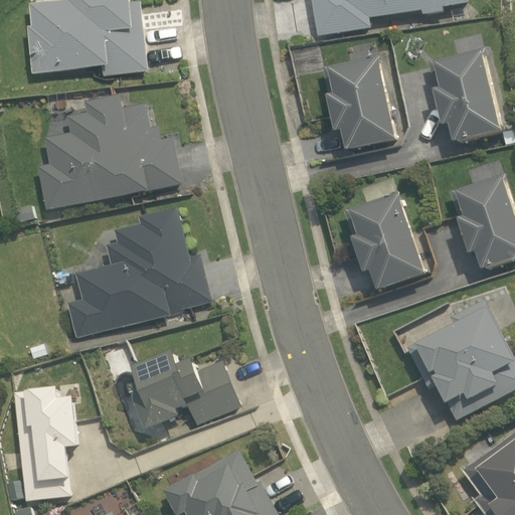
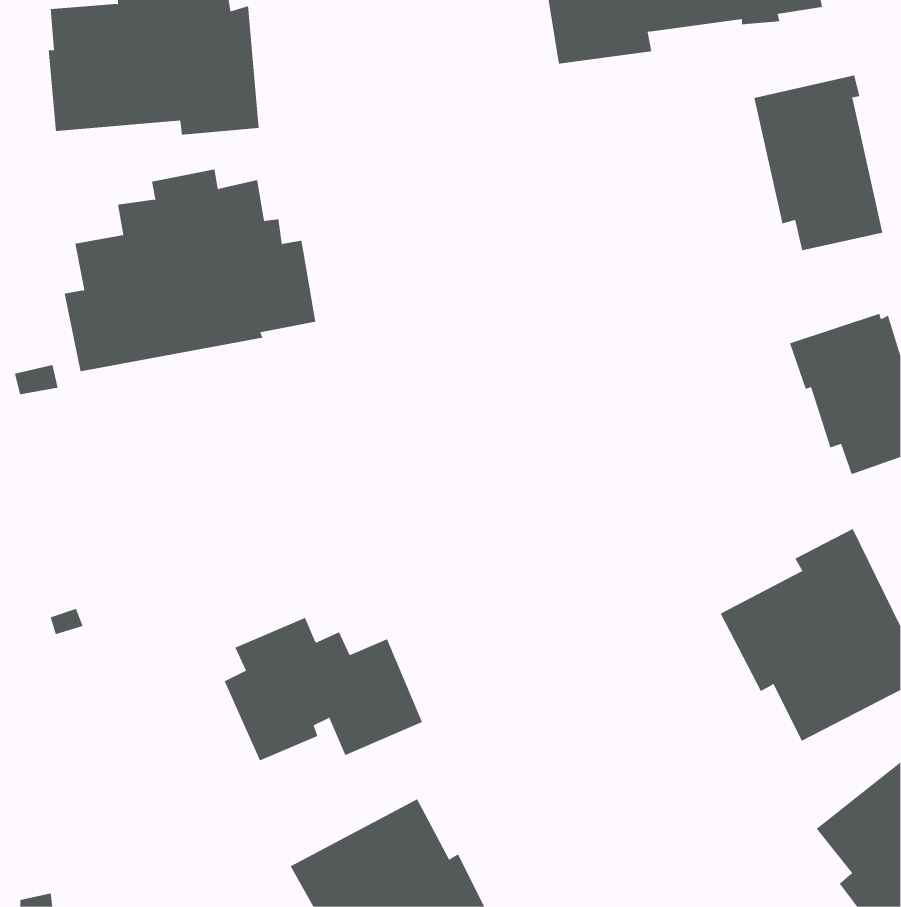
building: [322,51,395,150] -> none
building: [340,194,425,289] -> none
building: [65,208,209,337] -> none
building: [13,385,81,499] -> none

